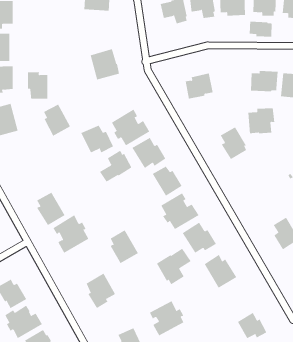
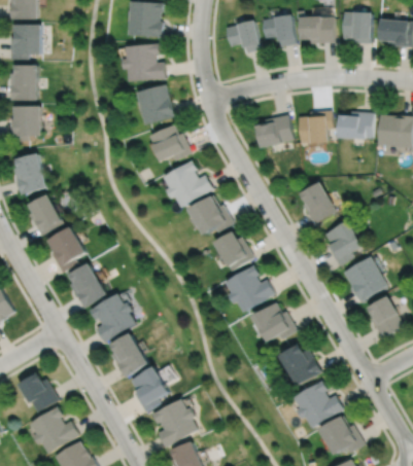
building: none -> [123,43,166,81]
building: [249,21,272,38] -> none
building: [27,71,48,100] -> none
building: [43,104,71,136] -> [28,195,63,237]
building: [248,108,275,134] -> [299,111,334,144]
building: [81,125,114,153] -> [150,126,193,162]
building: [99,150,132,183] -> none
building: none -> [325,221,365,266]
building: none -> [47,228,87,274]
building: none -> [344,257,387,302]
building: [110,230,139,264] -> [111,335,148,379]
building: [156,248,191,285] -> none
building: none -> [295,382,345,430]
building: [149,300,184,336] -> [152,400,197,445]

